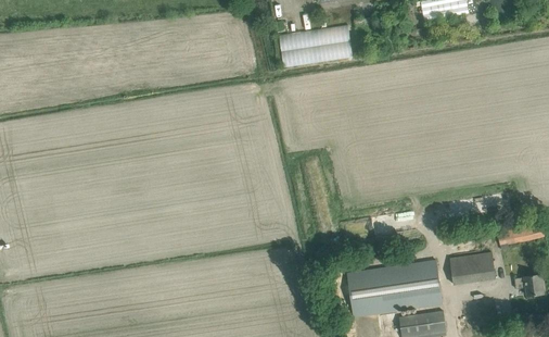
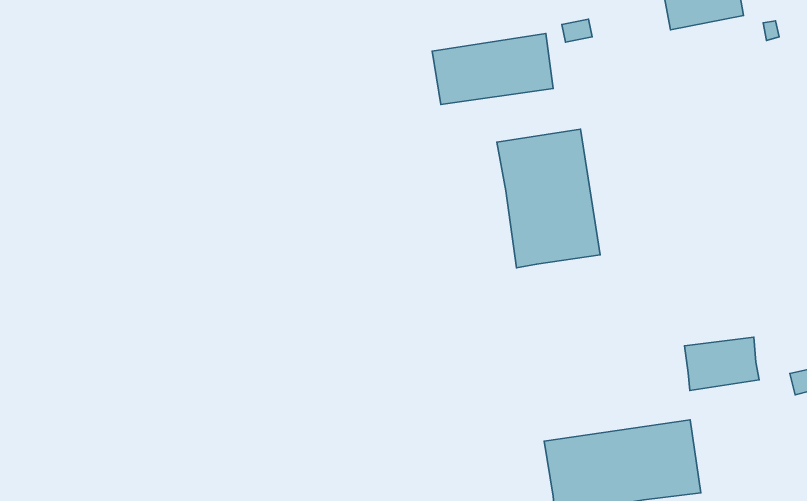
building: none -> [497,129,600,268]
building: [449,251,495,284] -> [685,337,759,390]

